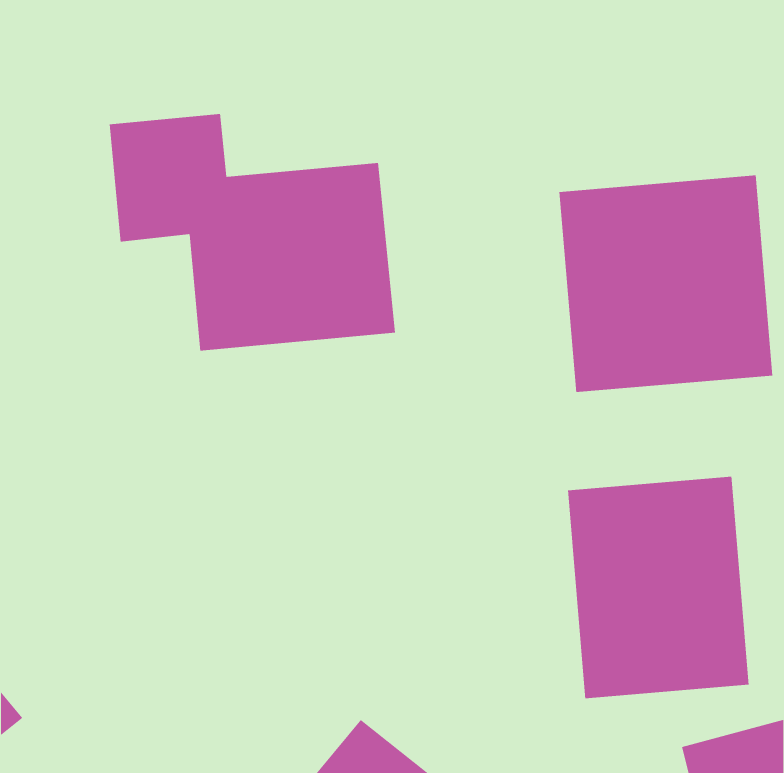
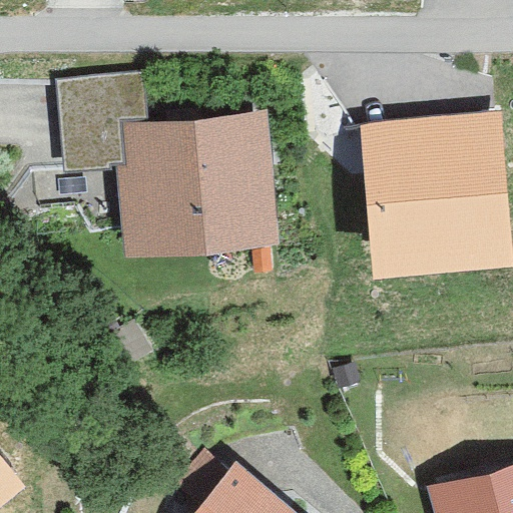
building: [567,476,749,699] -> none

